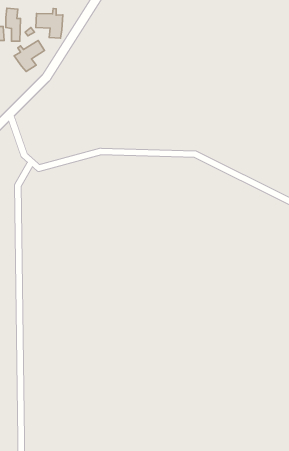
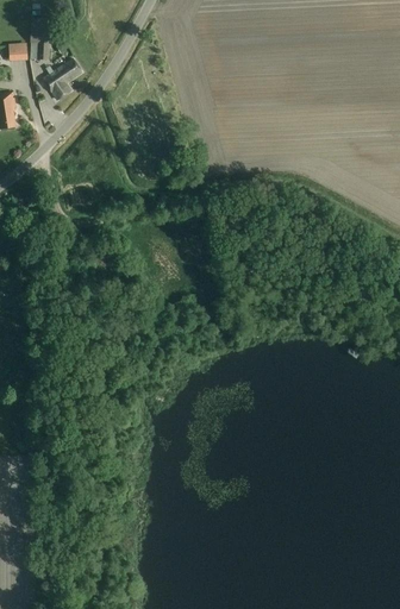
building: [36,9,63,38] -> none

